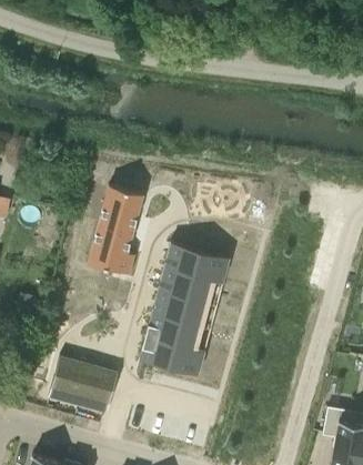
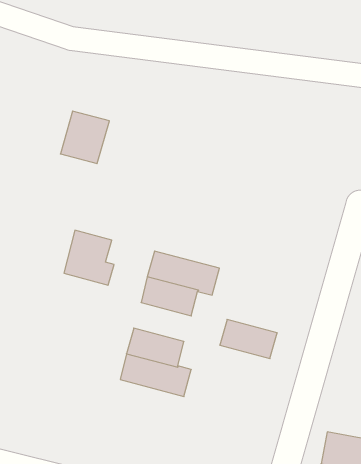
building: [99,186,143,234] -> [60,111,109,164]
building: [152,291,204,326] -> [220,319,277,359]
building: [51,358,118,405] -> none

